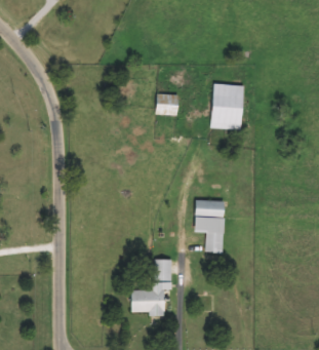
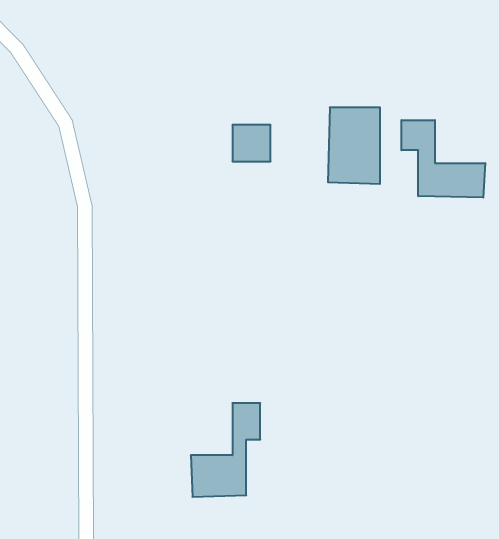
building: none -> [401,120,485,198]
building: [194,199,225,252] -> none

